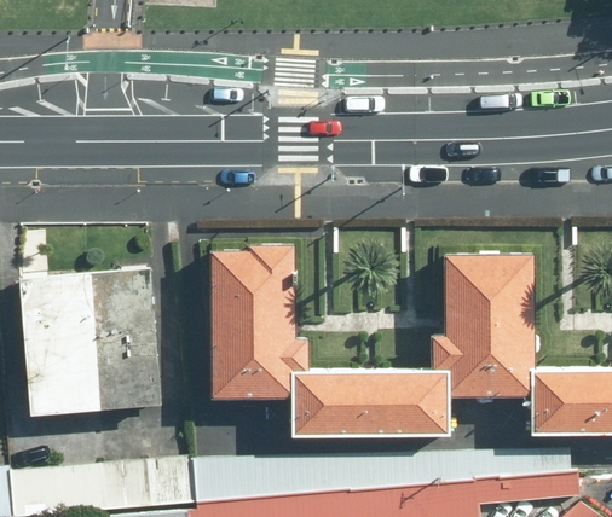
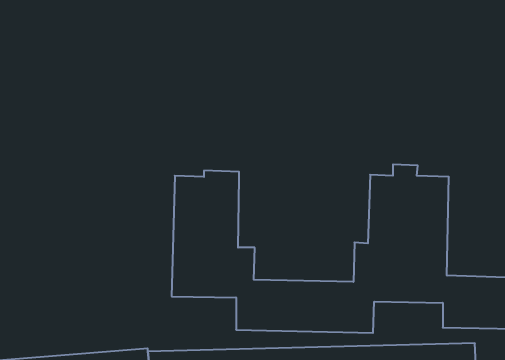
building: [19,272,160,417] -> none

